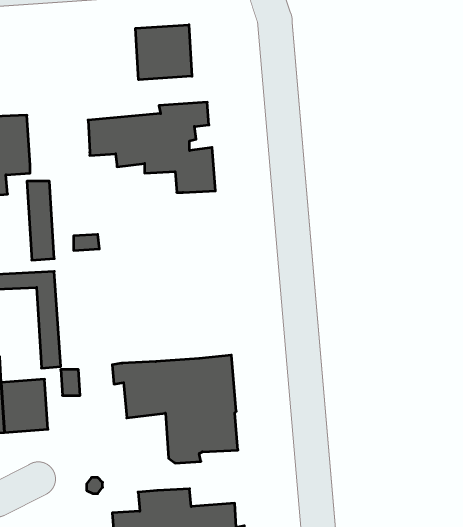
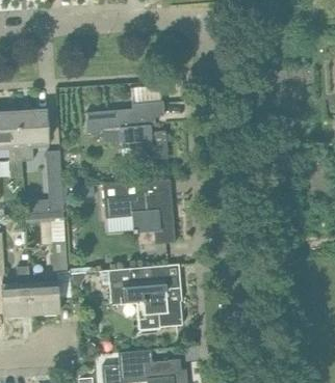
building: [136,25,192,80] -> none
building: none -> [102,180,175,245]

